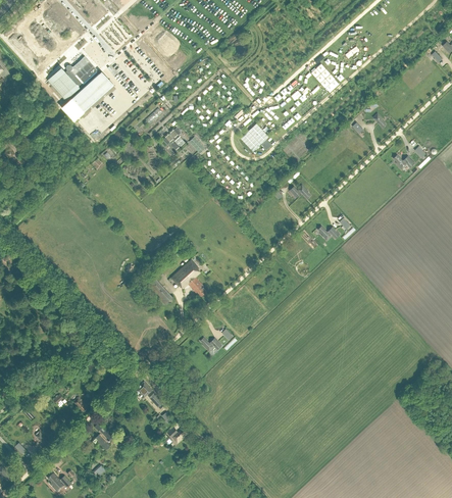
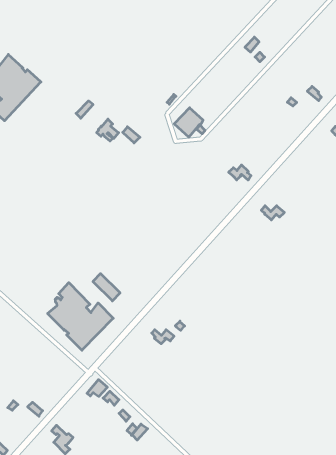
building: [171,259,206,296] -> none
building: none -> [48,283,113,350]

